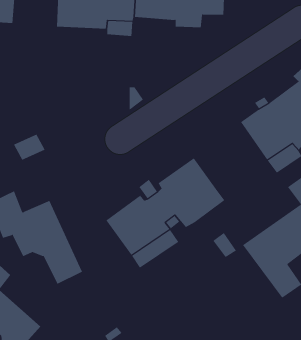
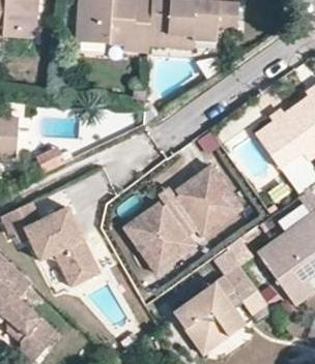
building: none -> [177,276,273,337]

